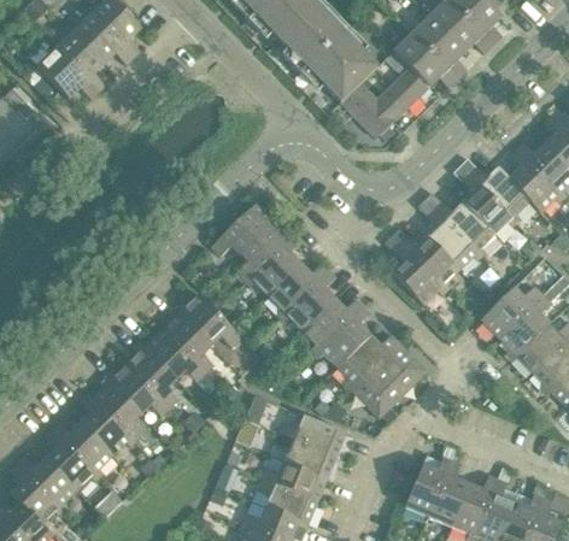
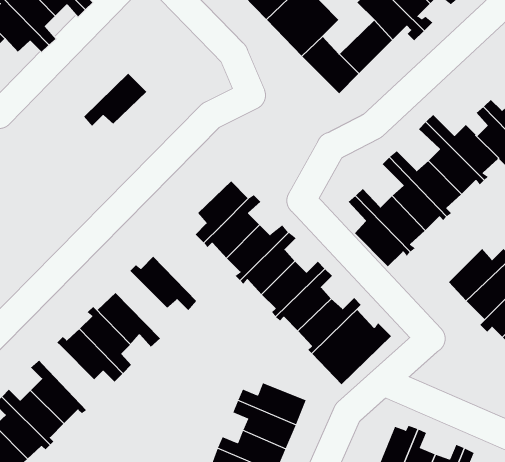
building: [212,202,274,254] -> [83,73,147,127]
building: [163,311,215,372] -> none
building: [93,380,143,441] -> none

